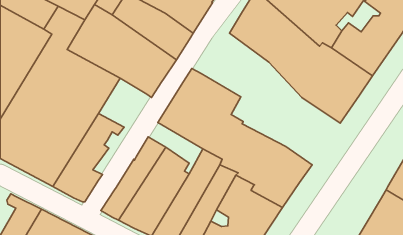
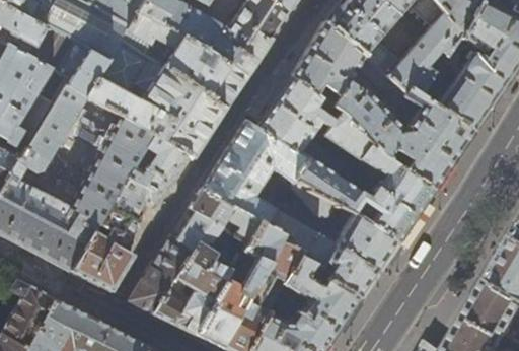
building: none -> [256,78,432,244]
building: none -> [127,135,188,197]
building: none -> [190,191,258,244]

